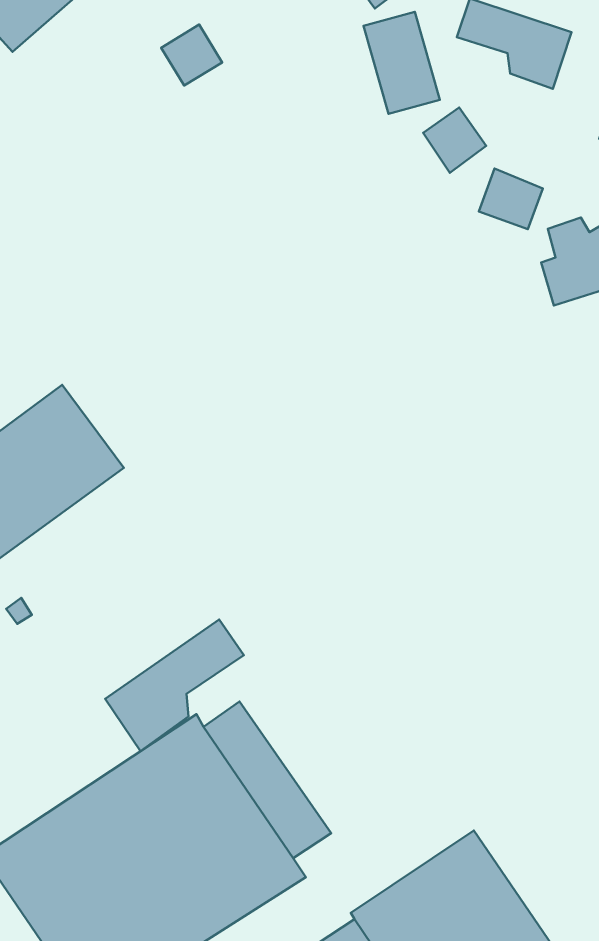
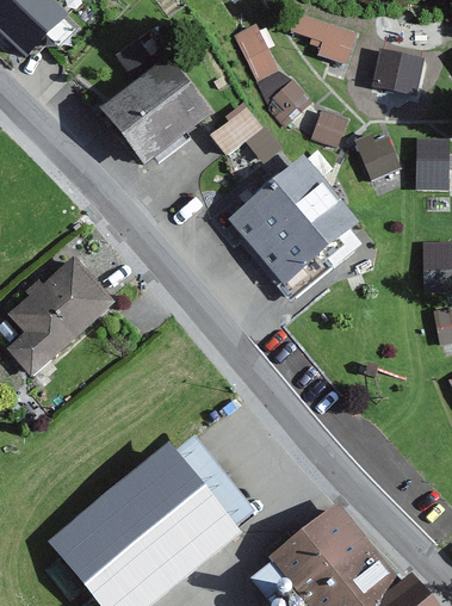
building: none -> [99,60,210,168]
building: none -> [209,98,280,160]
building: none -> [225,156,358,287]
building: [105,619,244,751] -> none

